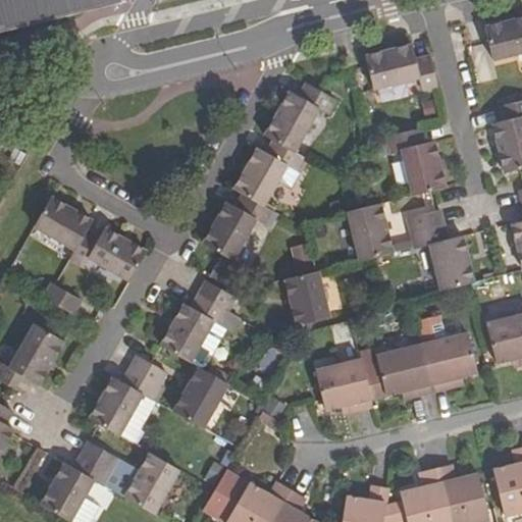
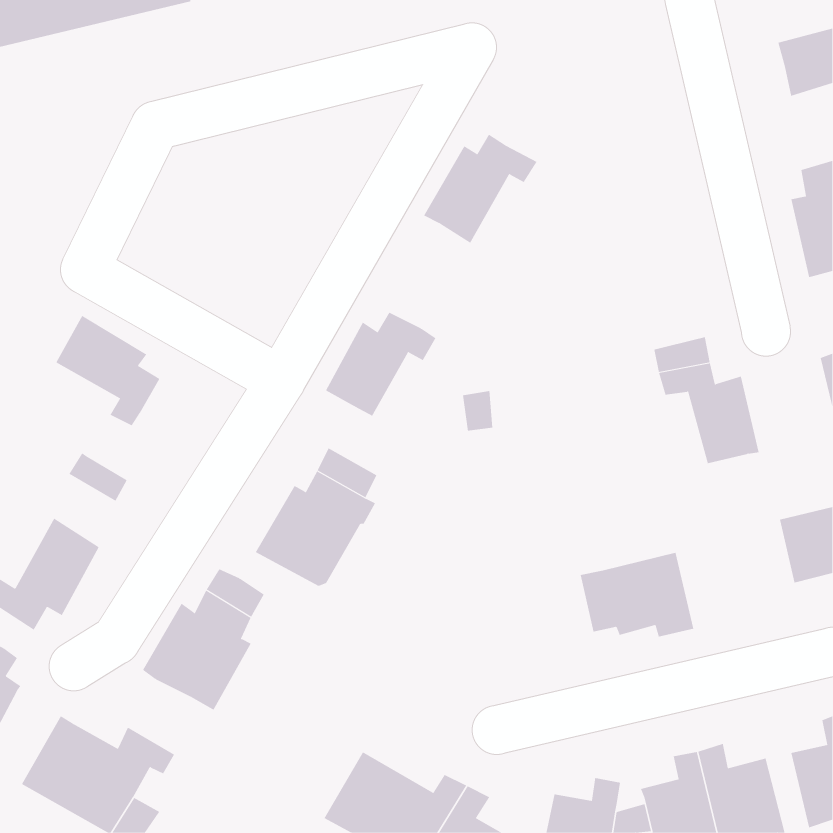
building: [367,44,438,91] -> none
building: [387,128,446,195] -> none
building: [233,140,303,205] -> none
building: [349,203,394,261] -> none
building: [88,227,145,280] -> none
building: [284,271,329,330] -> none
building: [417,318,477,393] -> none
building: [316,359,373,412] -> none
building: [173,366,227,427] -> none
building: [80,440,179,514] -> none

